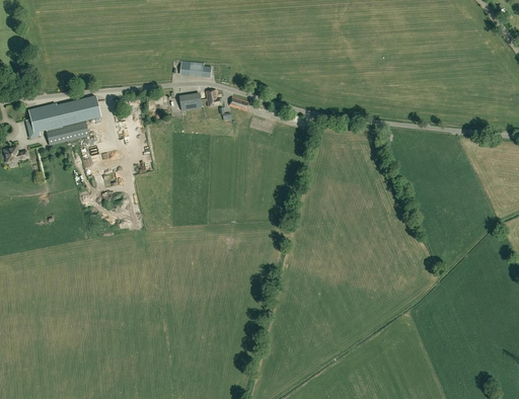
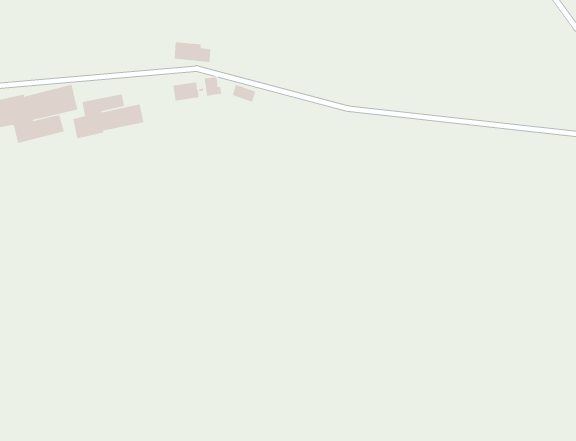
building: none -> [72,93,144,139]

